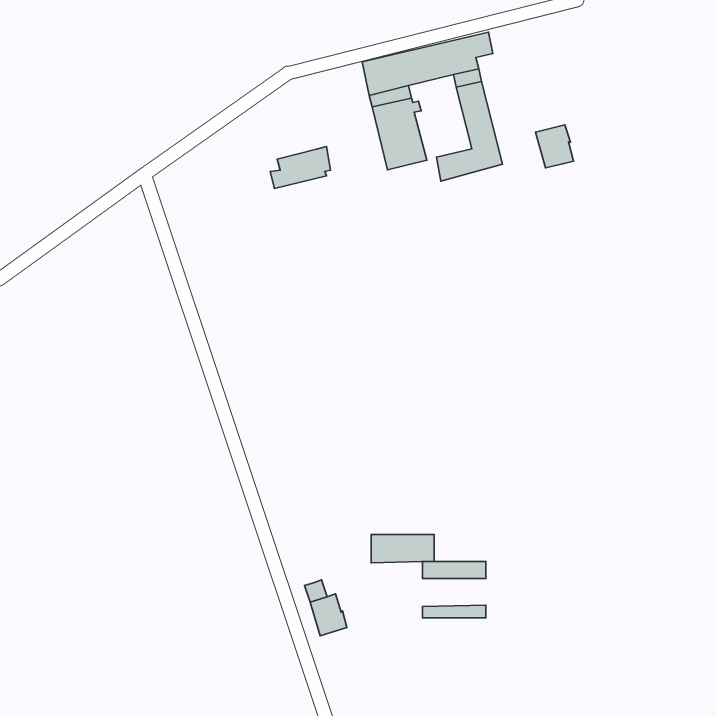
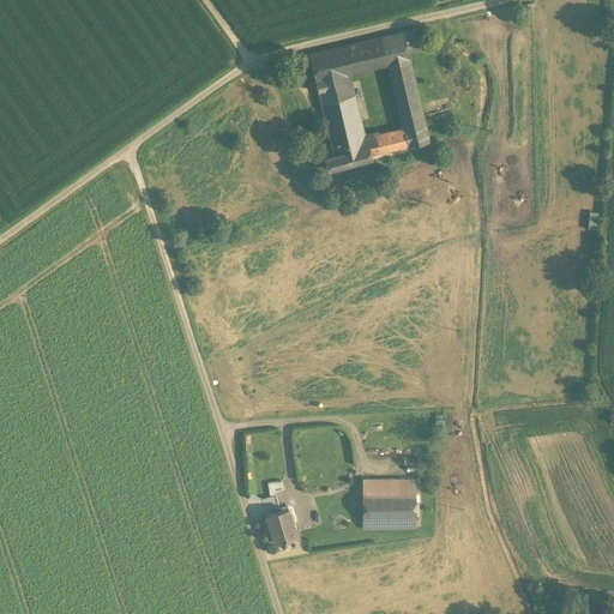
building: [536,125,574,168] -> none
building: [270,146,331,188] -> [325,136,377,171]
building: [371,535,434,563] -> [361,495,415,519]

